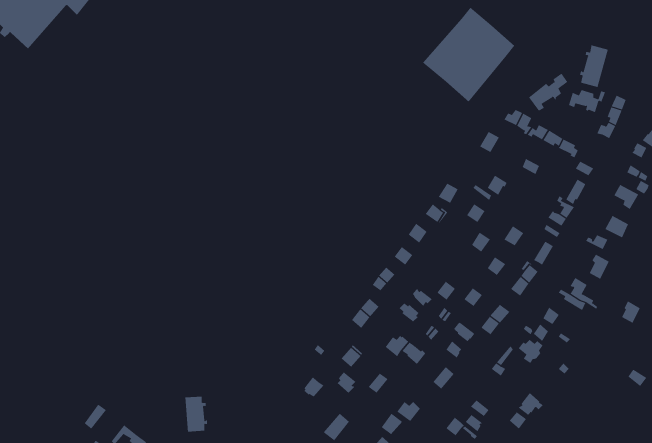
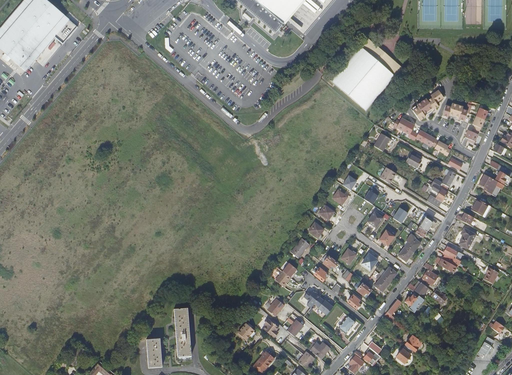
building: [580,45,608,88] -> none
building: none -> [173,308,191,356]

